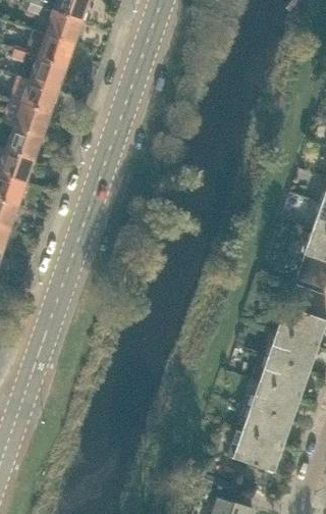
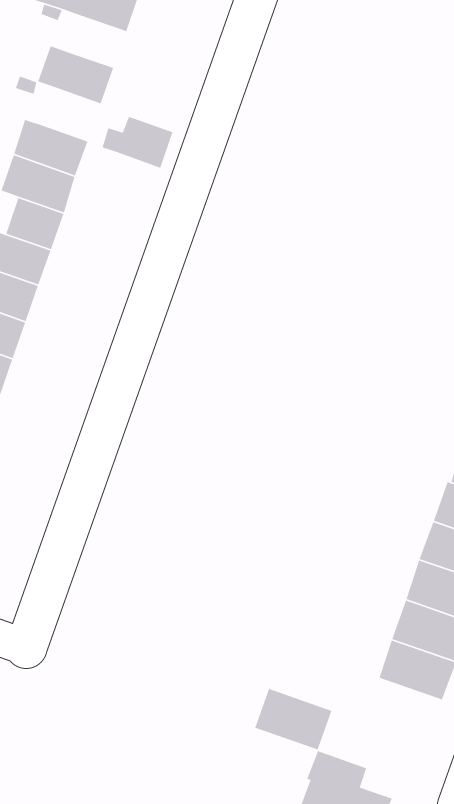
building: [45,11,83,44] -> none
building: [20,57,66,91] -> [101,116,173,169]
building: [233,432,283,472] -> [254,688,333,750]

